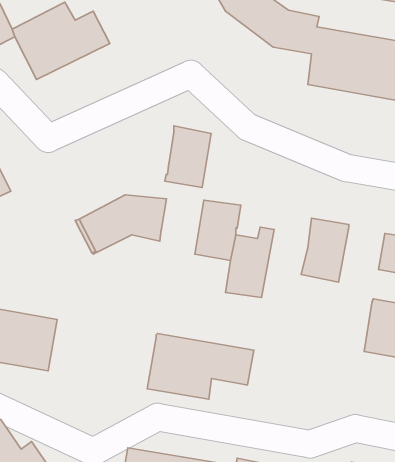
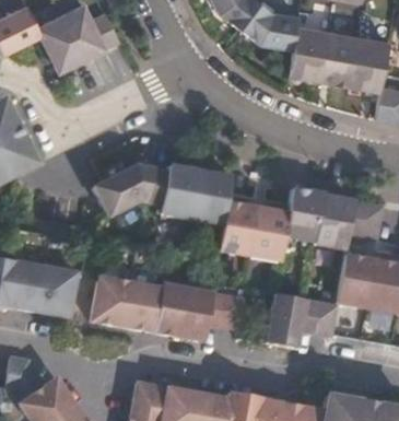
building: [165,126,211,187] -> [162,165,201,218]
building: none -> [316,195,355,249]
building: none -> [250,197,290,260]
building: none -> [90,277,161,332]
building: none -> [268,294,338,348]

